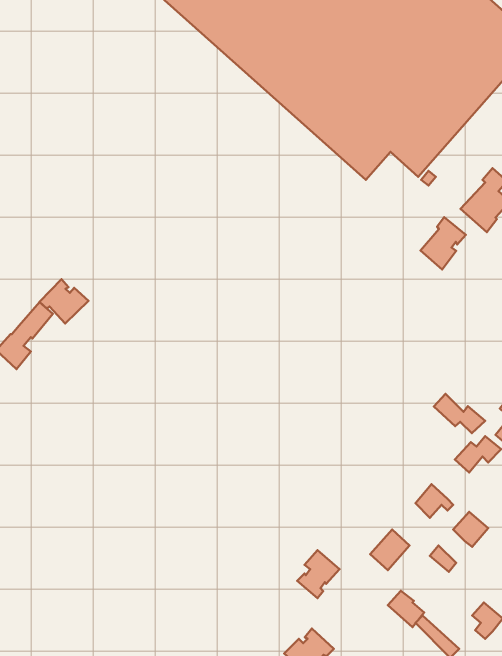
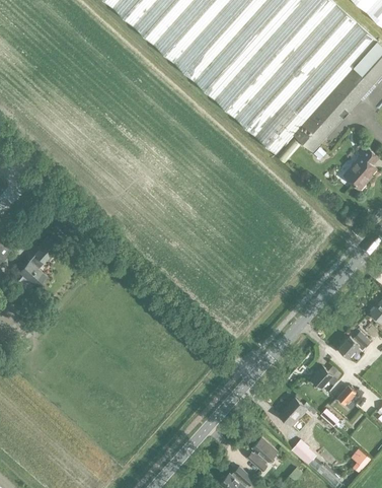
building: [421,217,466,269] -> none
building: [40,279,88,324] -> none
building: [434,394,485,433] -> none
building: [297,550,339,598] -> [245,436,275,470]

